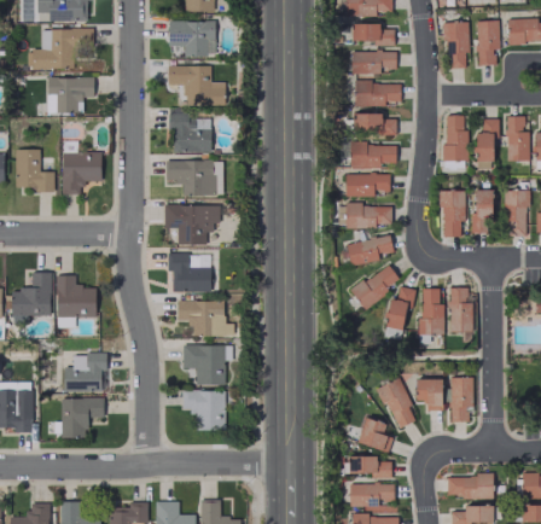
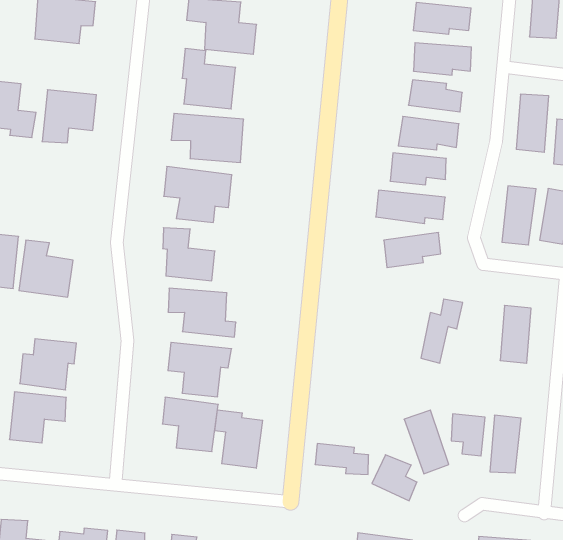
building: [353,263,402,309] -> none
building: [420,289,446,336] -> none
building: none -> [215,410,263,468]
building: [349,456,392,478] -> [315,444,369,474]

